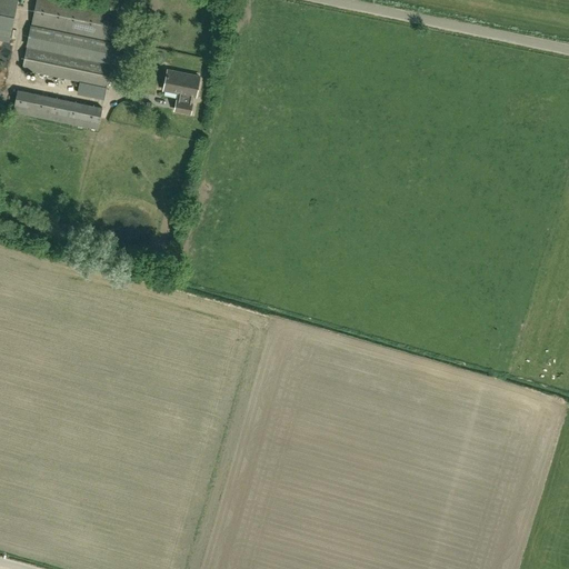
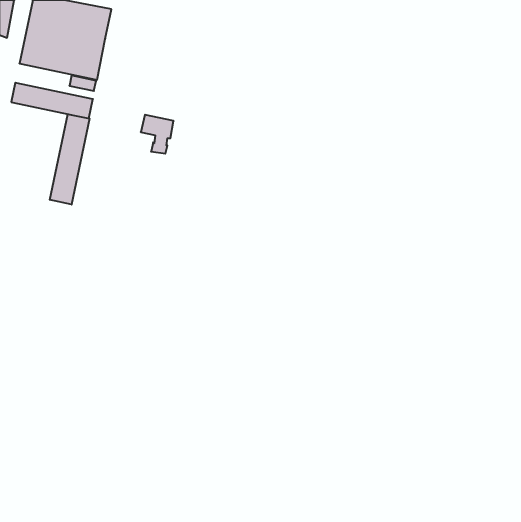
building: [162,70,198,112] -> [141,115,174,154]
building: none -> [50,114,90,205]

